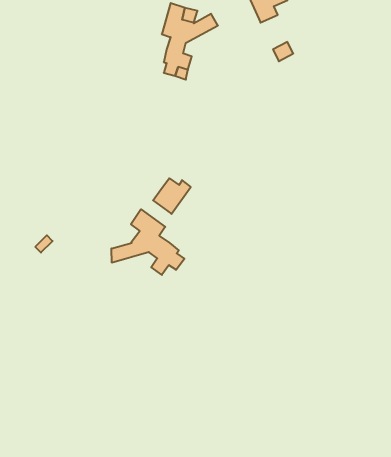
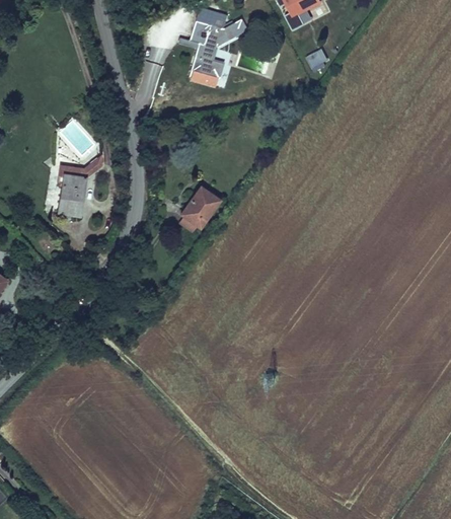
building: none -> [57,154,102,216]
building: [111,209,184,275] -> none

